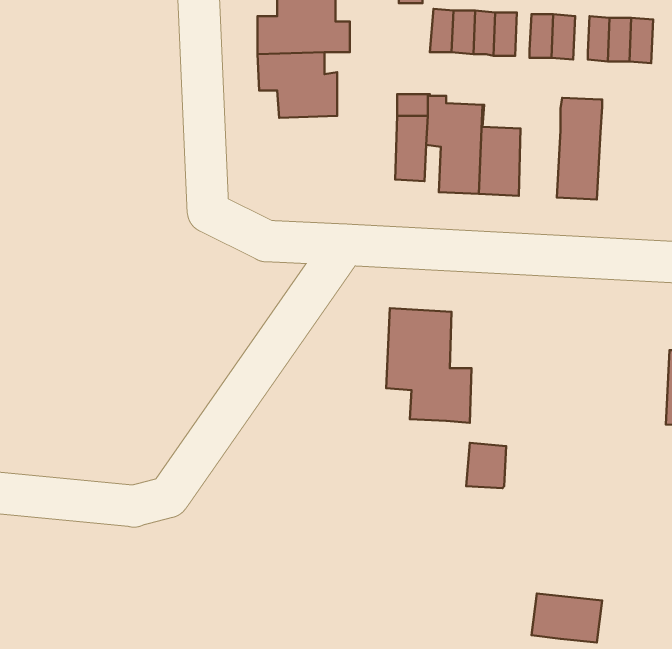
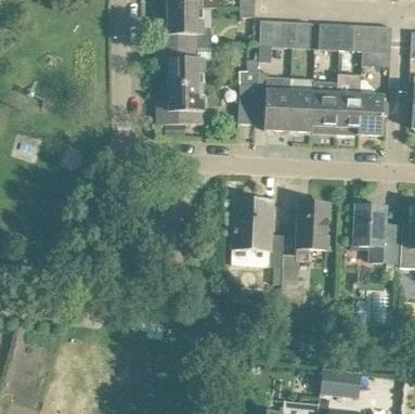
building: none -> [312,78,337,132]
building: none -> [359,78,388,134]
building: none -> [157,83,204,124]
building: none -> [296,202,329,260]
building: none -> [353,205,398,280]

